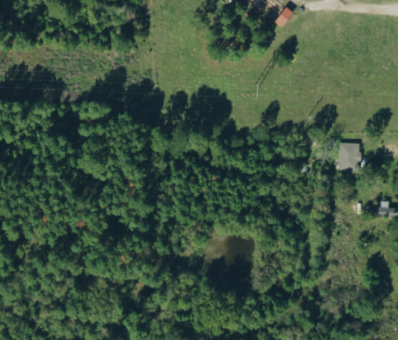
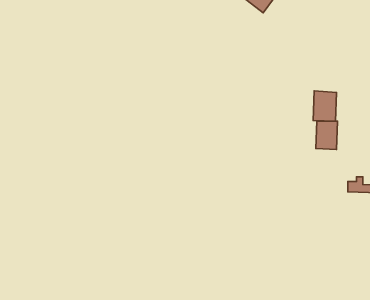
building: none -> [313,91,337,121]

